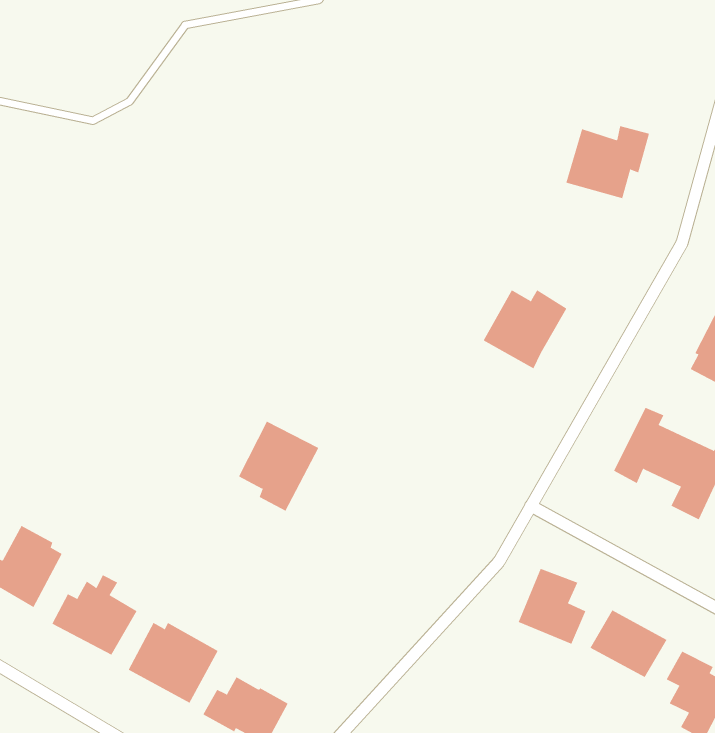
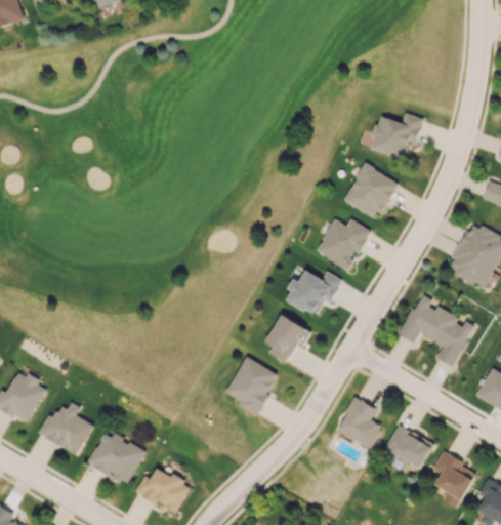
building: none -> [343,163,398,219]
building: none -> [287,270,342,316]
building: [238,421,319,511] -> [226,357,279,415]
building: none -> [265,315,311,363]

